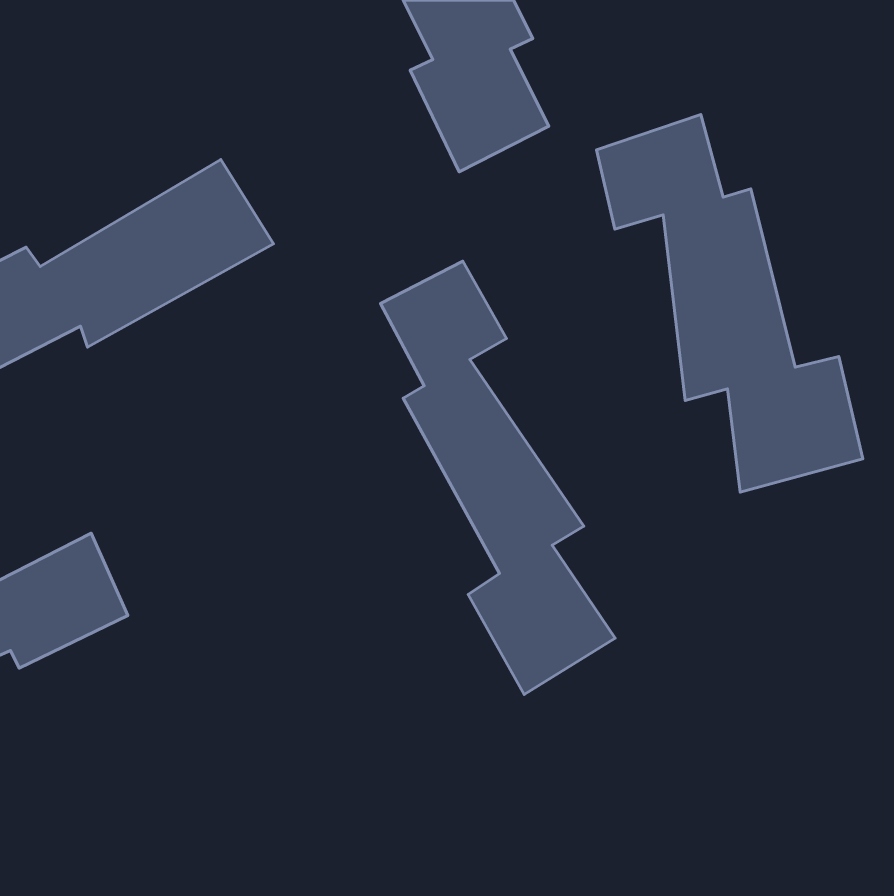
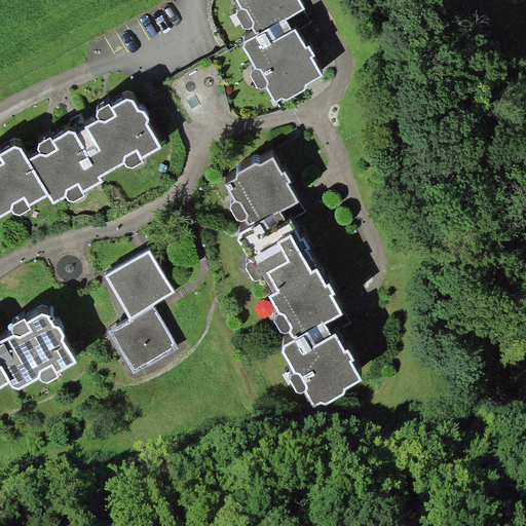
building: [597,114,863,492] -> none
building: none -> [106,252,176,374]

